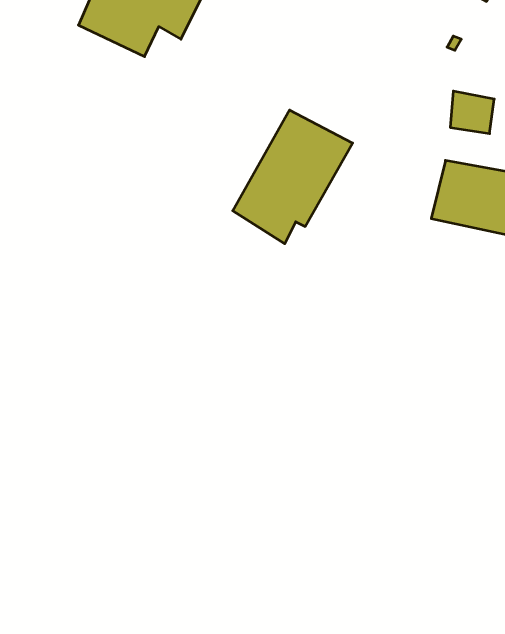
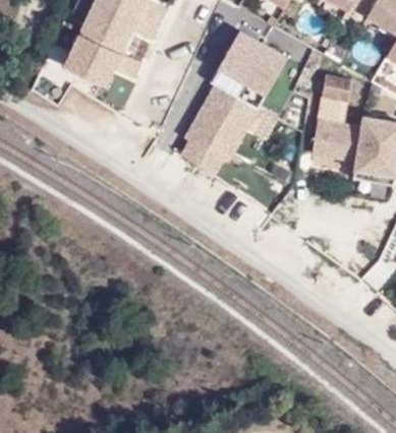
building: none -> [216,24,289,91]
building: none -> [66,30,144,88]

